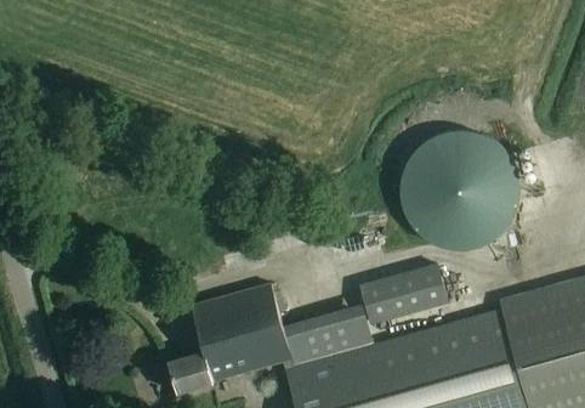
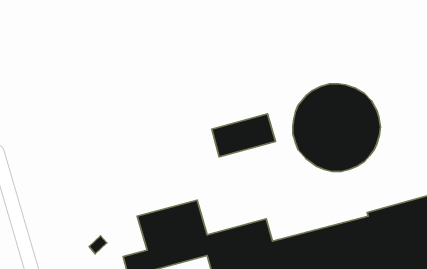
building: [362,264,448,322] -> [212,114,275,157]

